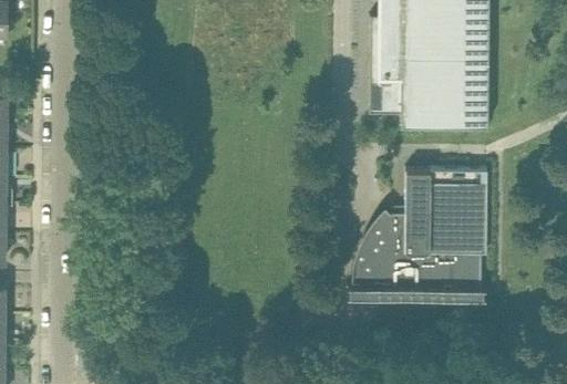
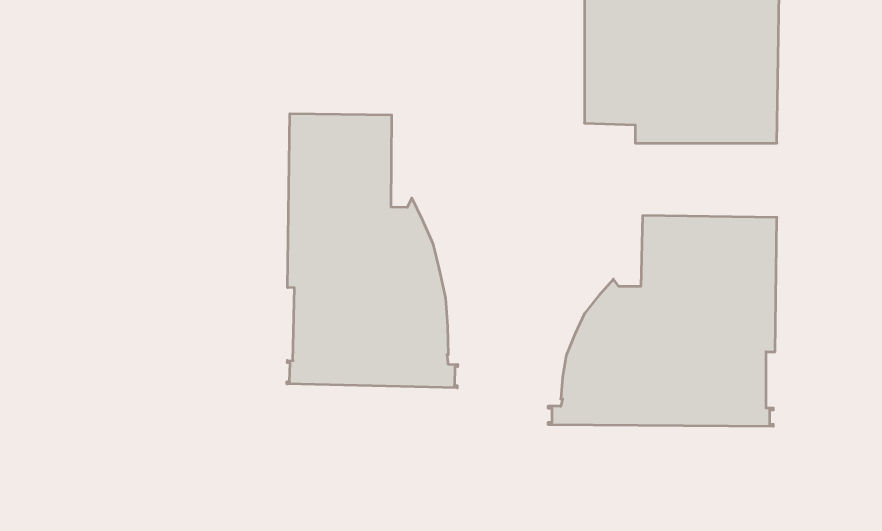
building: none -> [287,114,458,388]

